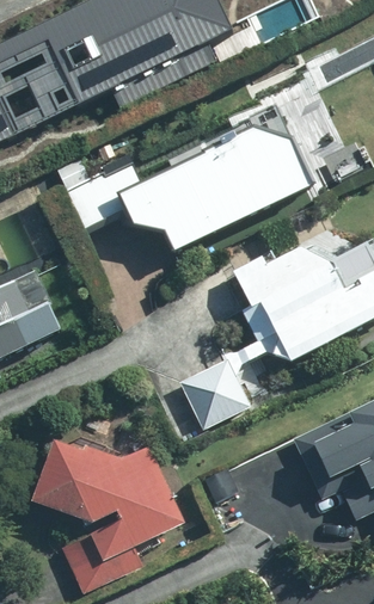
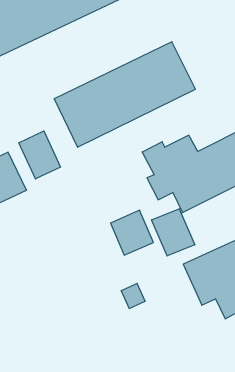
building: none -> [19,131,61,179]
building: none -> [152,209,195,256]
building: [32,440,184,592] -> none

